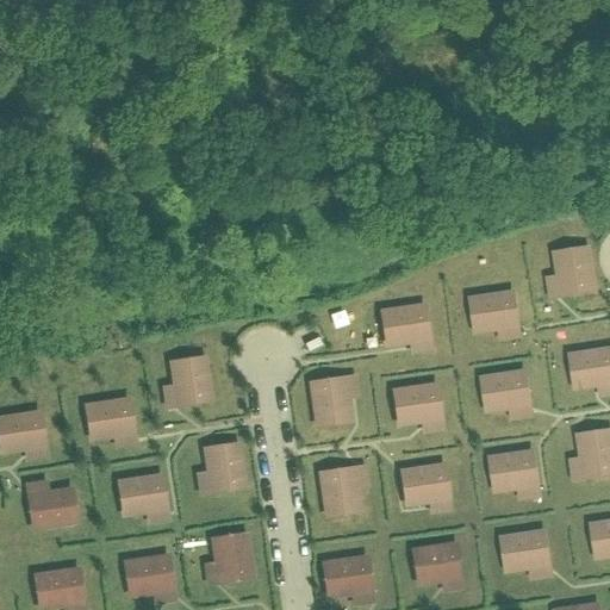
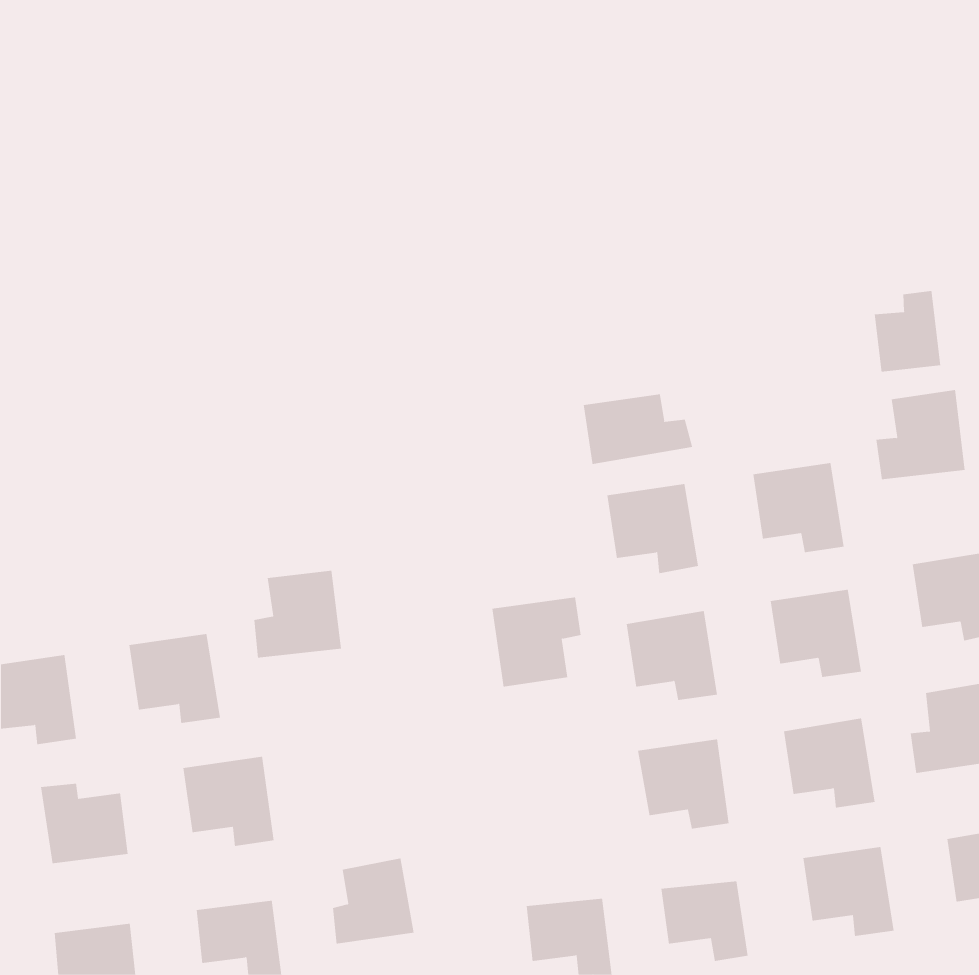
building: none -> [874,290,941,373]
building: none -> [583,394,693,465]
building: [192,438,247,494] -> none
building: [315,461,371,518] -> none

